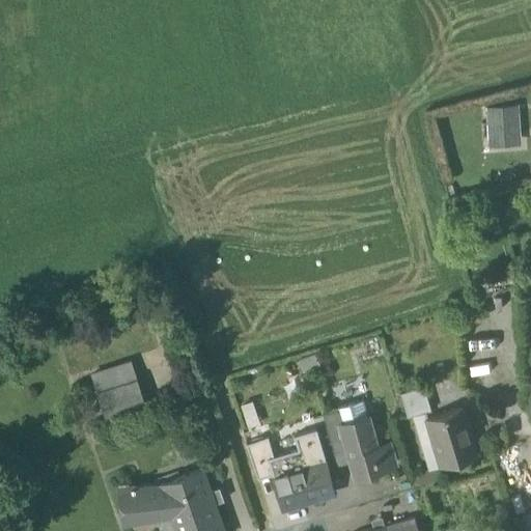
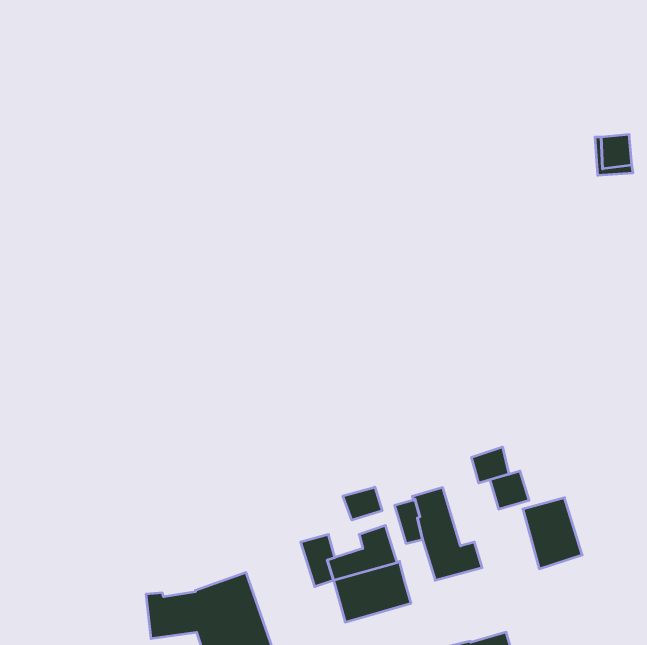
building: [92,365,146,422] -> none
building: none -> [472,447,509,483]
building: none -> [343,487,382,520]

